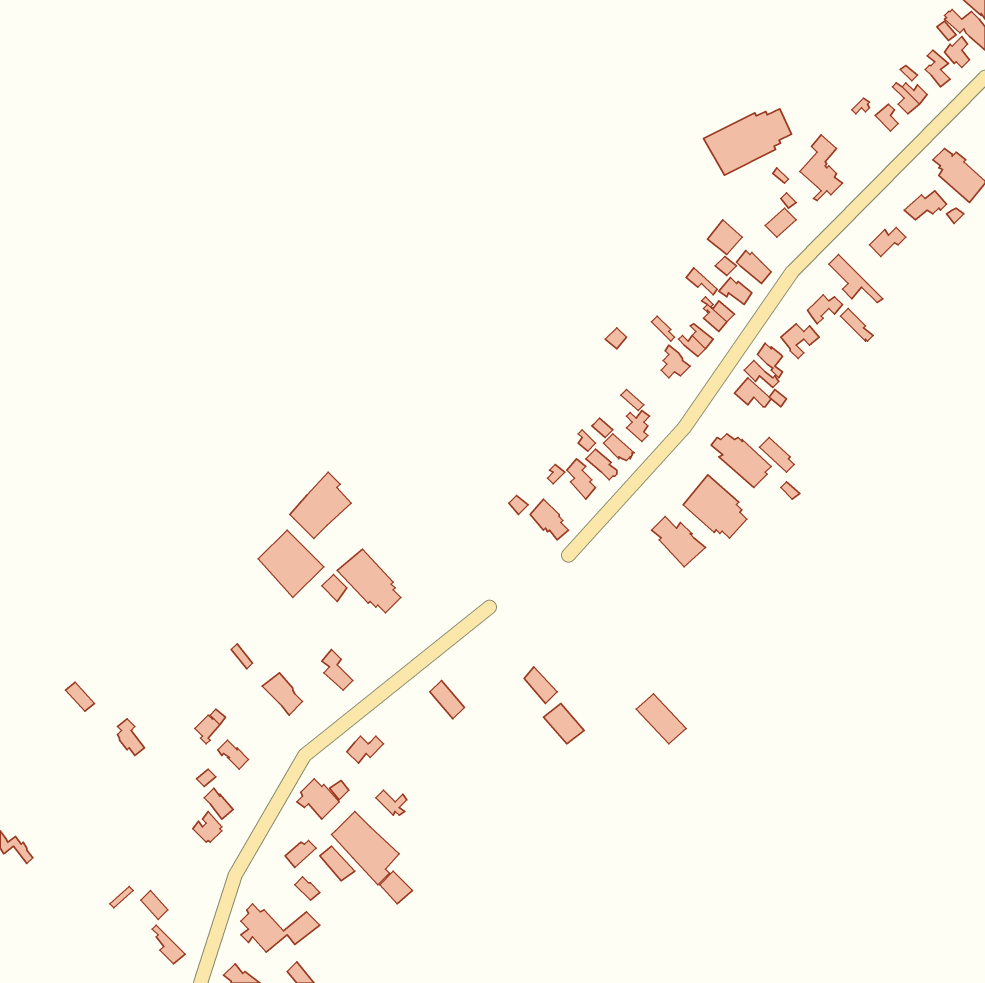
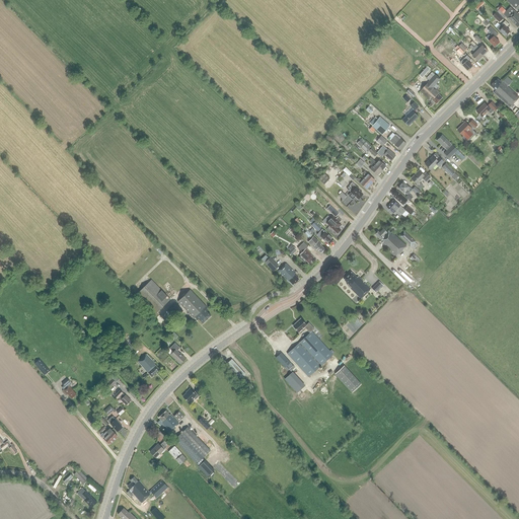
building: [704,109,792,175] -> none
building: [290,472,351,539] -> none
building: [683,475,747,538] -> none
building: none -> [287,317,331,376]

